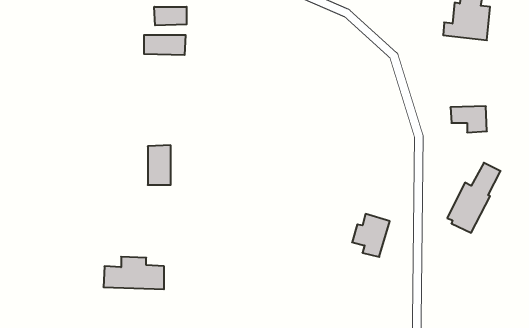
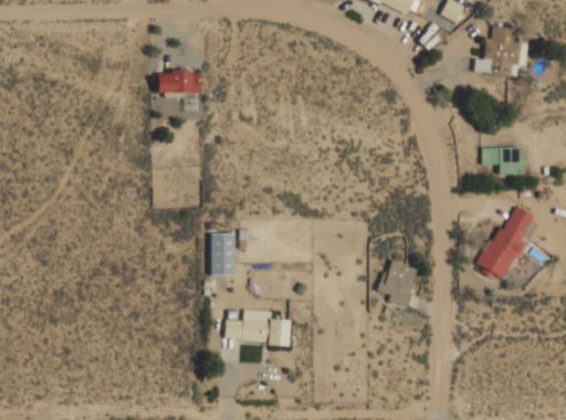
building: [154,7,187,25] -> none
building: [148,145,171,185] -> [210,233,234,275]
building: [103,257,164,289] -> [224,309,289,344]

